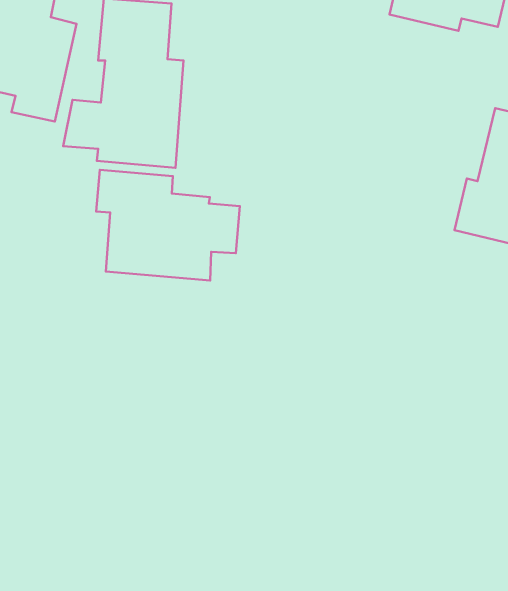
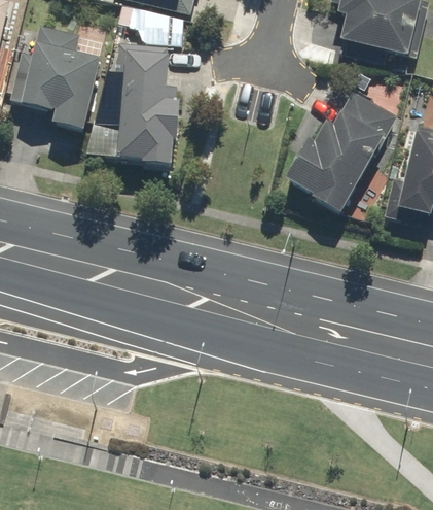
building: none -> [281,84,399,214]
building: [96,170,240,280] -> none

